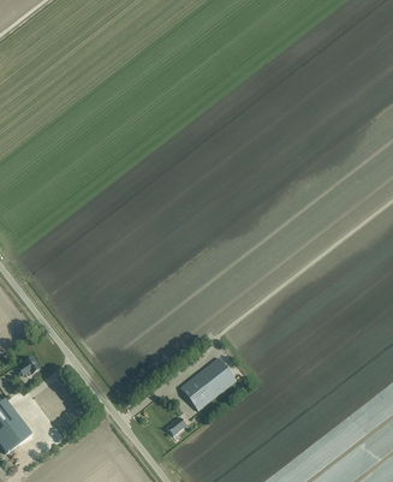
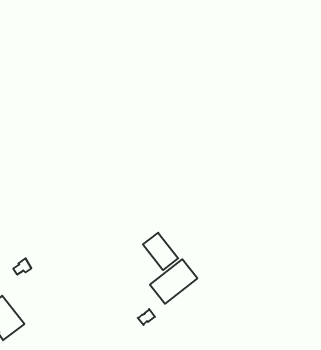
building: none -> [143,233,178,270]

